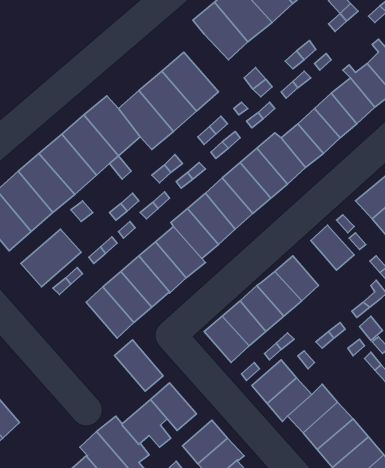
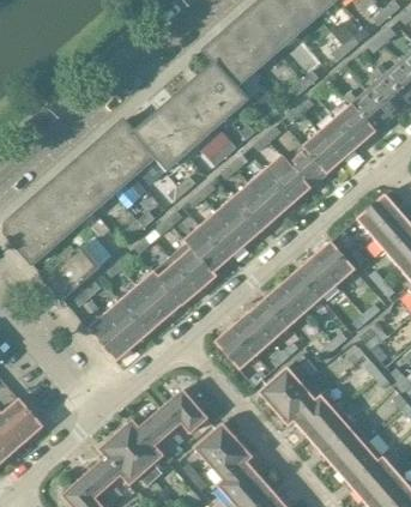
building: none -> [197,62,249,116]
building: none -> [298,255,339,297]
building: [114,340,163,391] -> [89,313,134,361]

